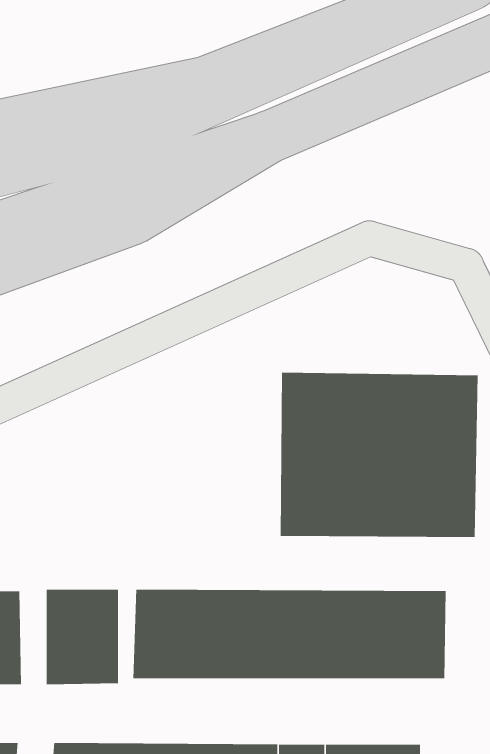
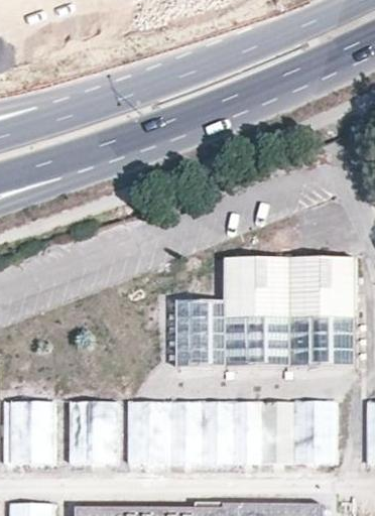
building: none -> [176,299,224,366]

